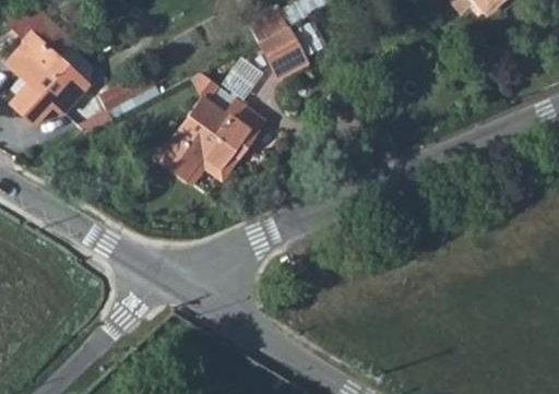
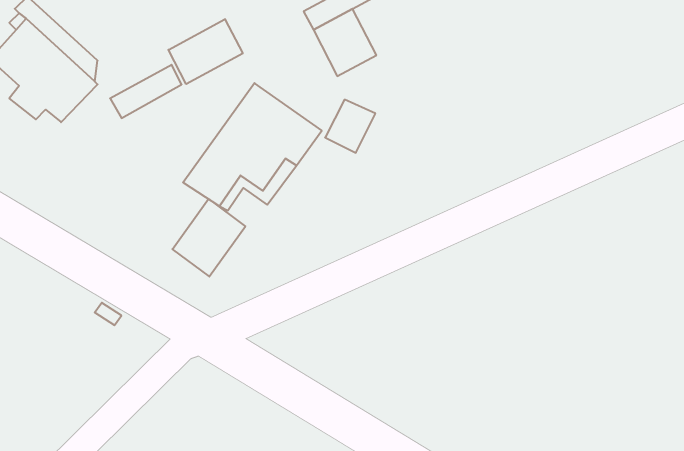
building: none -> [168,19,243,84]
building: [226,53,265,95] -> [325,100,375,153]
building: none -> [172,199,245,277]

